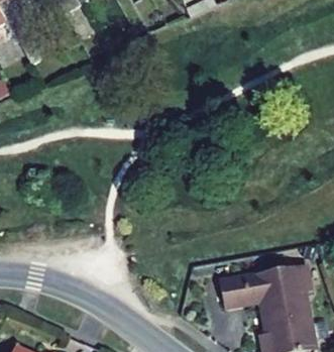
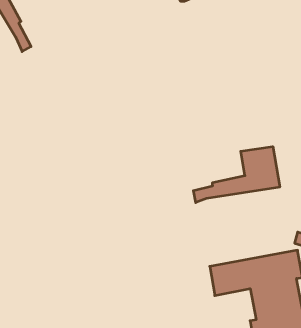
building: none -> [193,147,280,203]

